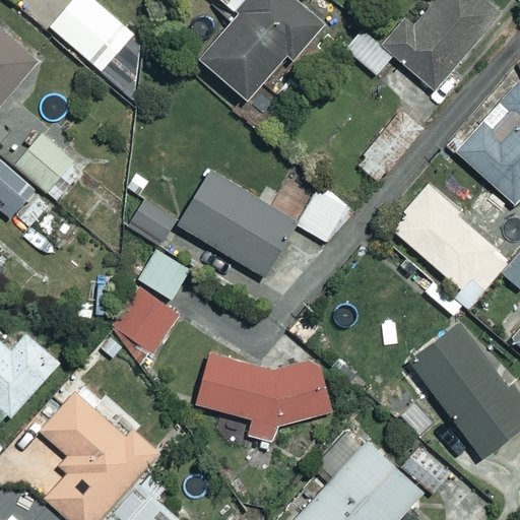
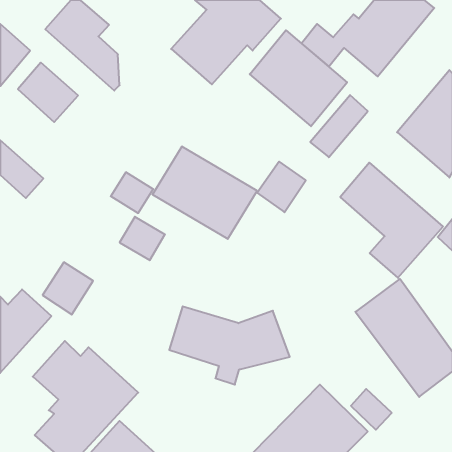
building: none -> [250,30,347,126]
building: [15,133,84,201] -> [18,63,78,122]
building: [119,291,177,351] -> [43,262,93,315]

